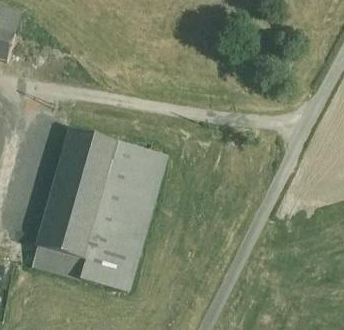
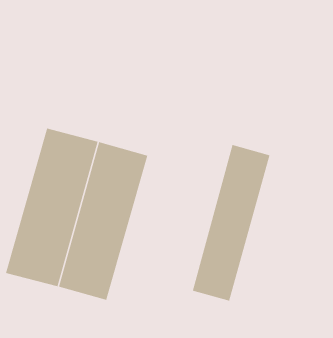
building: none -> [192,144,270,301]

